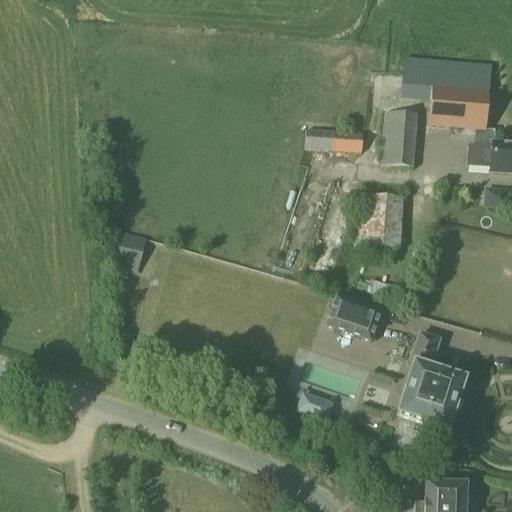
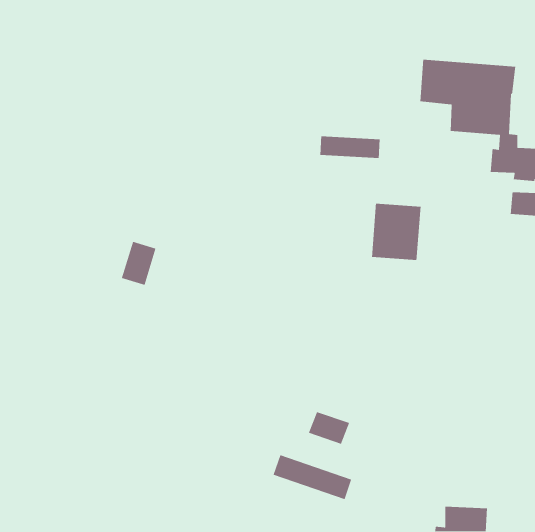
building: [381,110,418,166] -> none
building: [327,296,382,340] -> none
building: [397,331,466,445] -> none
building: none -> [273,454,352,500]

